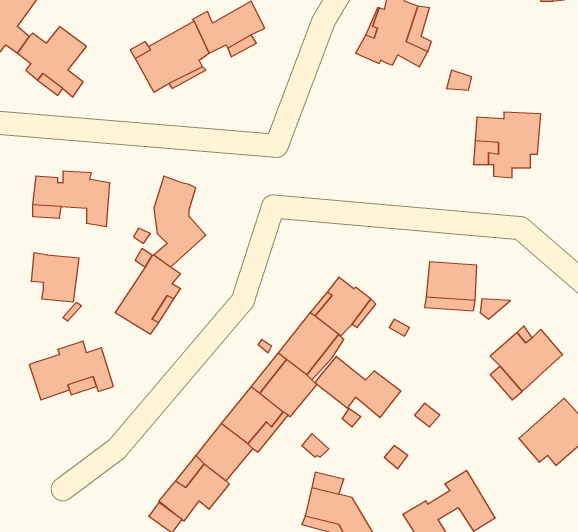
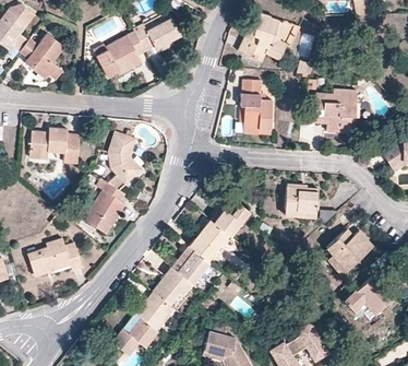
building: none -> [242,79,275,133]
building: [31,253,79,302] -> none
building: [315,356,401,418] -> none

